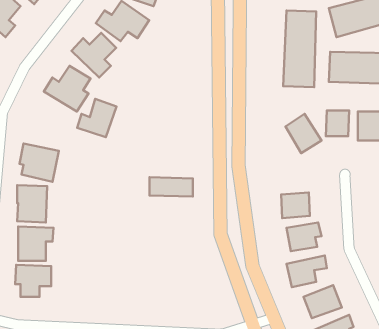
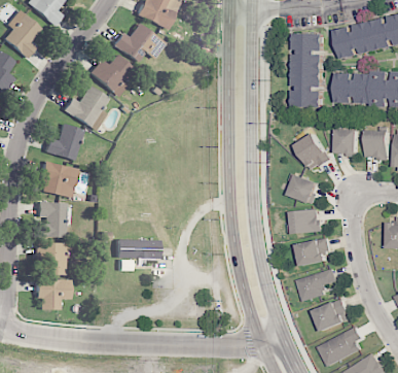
building: [77,99,117,137] -> [44,123,82,160]
building: none -> [289,173,320,202]
building: [149,177,193,196] -> [116,239,158,258]

